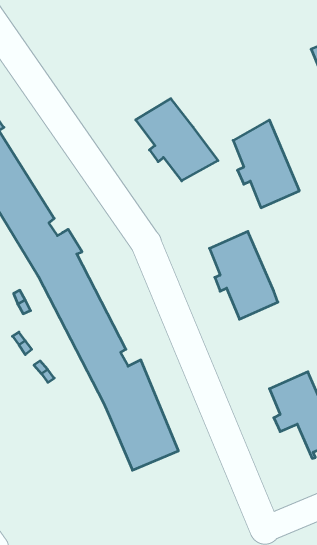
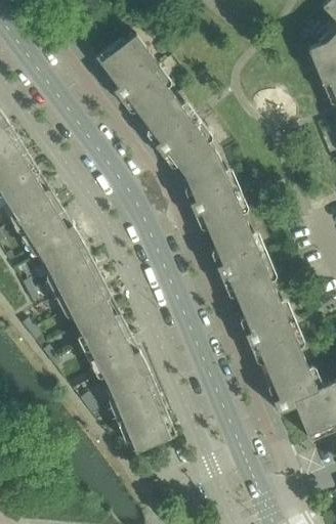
building: none -> [96,36,174,117]
building: [233,120,299,208] -> [184,156,248,239]
building: none -> [240,291,305,374]

